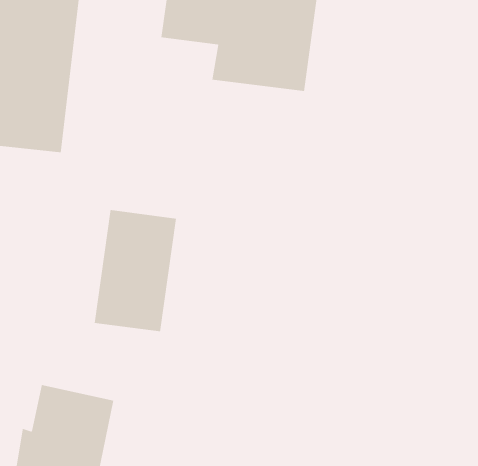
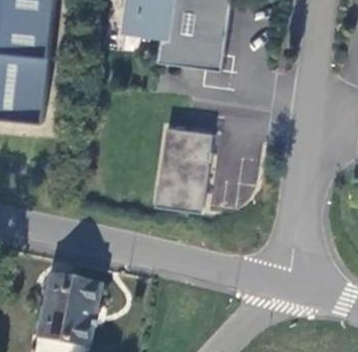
building: [94,210,177,332] -> [155,129,213,214]

